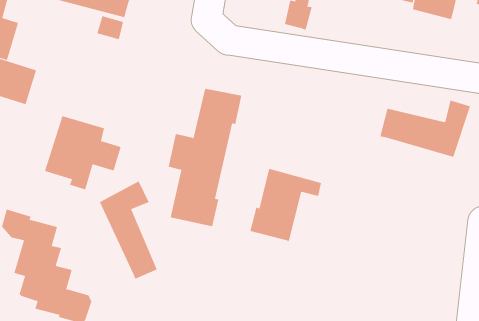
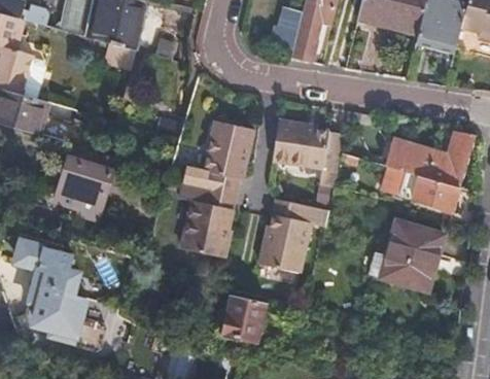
building: none -> [271,119,345,188]
building: none -> [385,168,458,210]
building: [99,181,158,280] -> none
building: none -> [370,221,444,289]
building: none -> [216,298,284,343]

